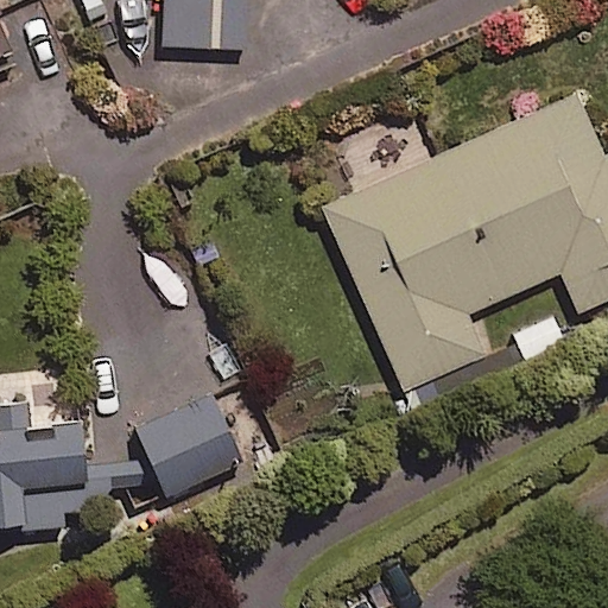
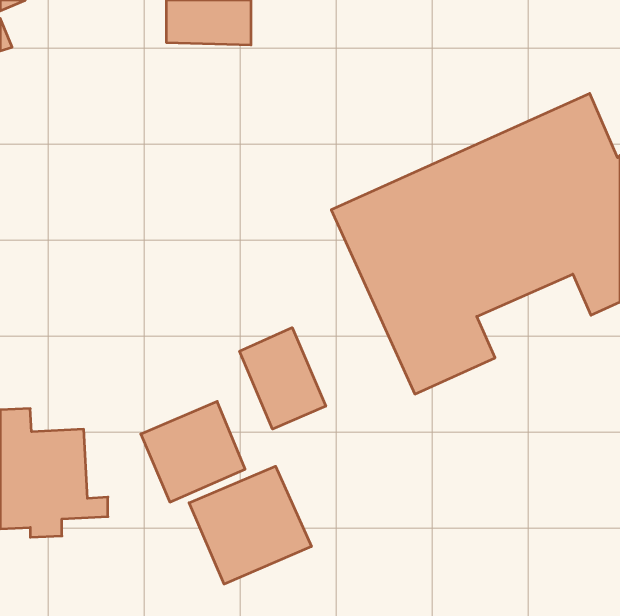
building: none -> [240,328,326,429]
building: none -> [189,466,311,584]

